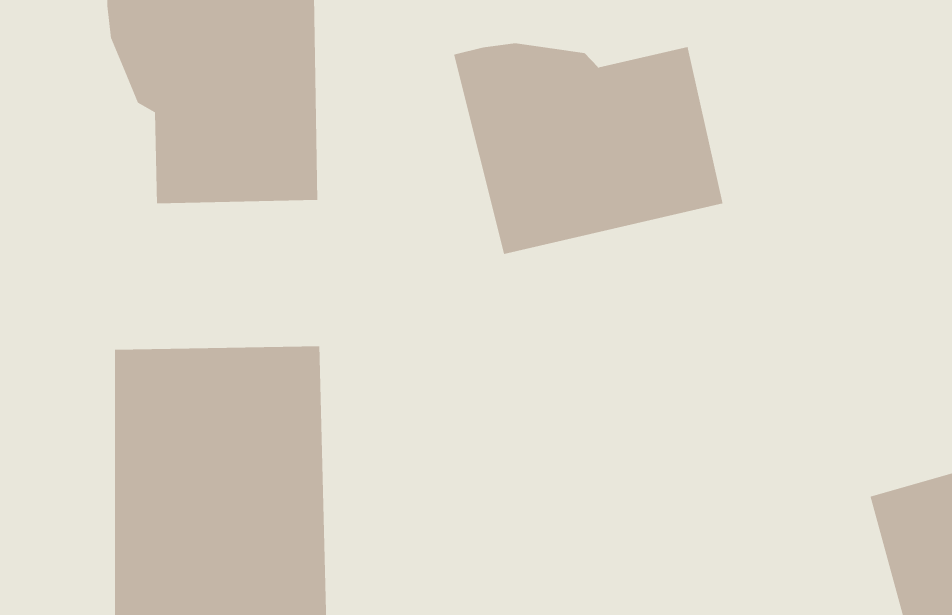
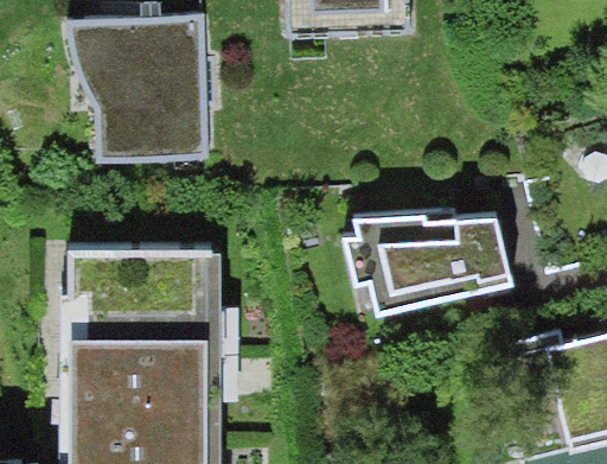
building: [453,43,724,255] -> none
building: none -> [343,211,516,318]

